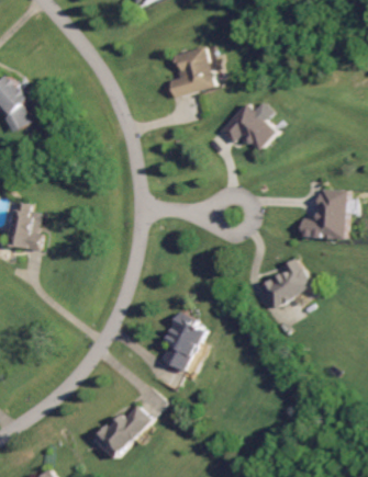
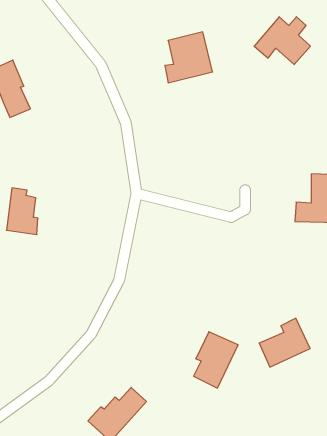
building: [219,102,276,150] -> [254,17,310,65]
building: [258,258,310,307] -> [259,318,310,367]
building: [160,314,205,371] -> [194,332,238,388]

